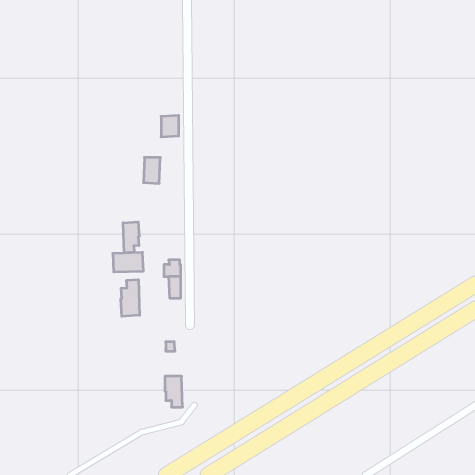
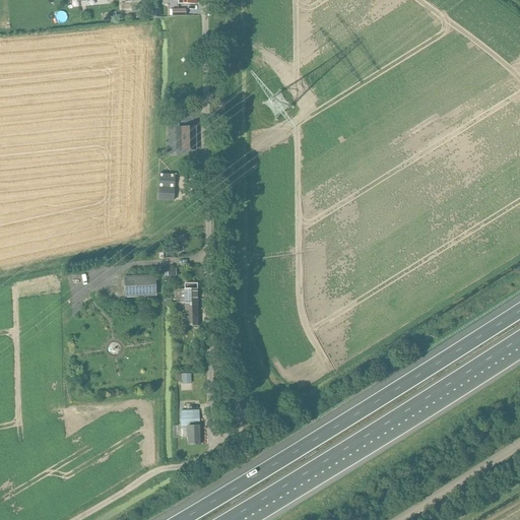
building: [123,222,139,253] -> none
building: [121,280,140,316] -> none

